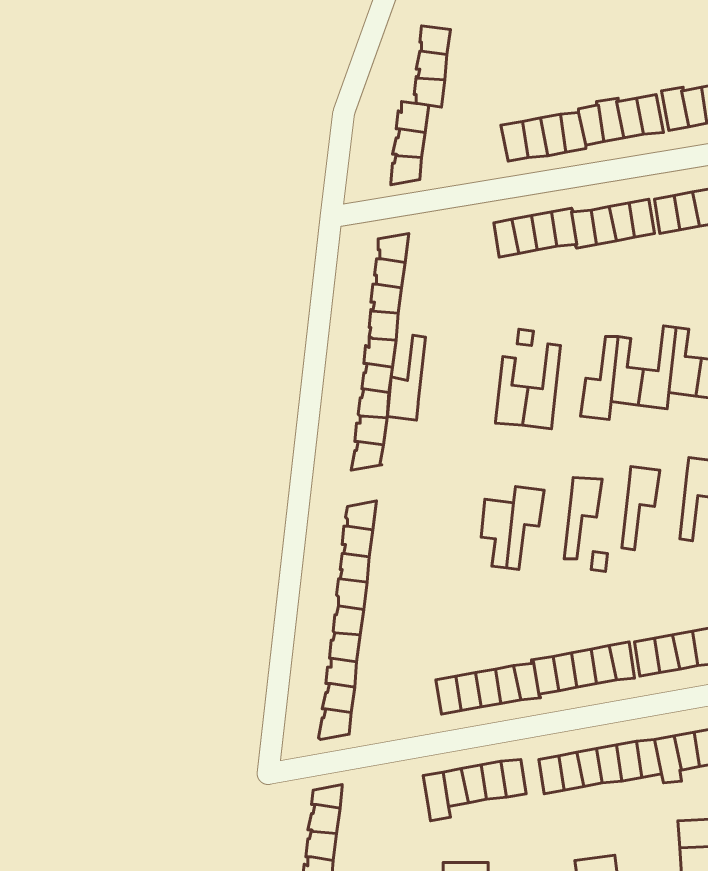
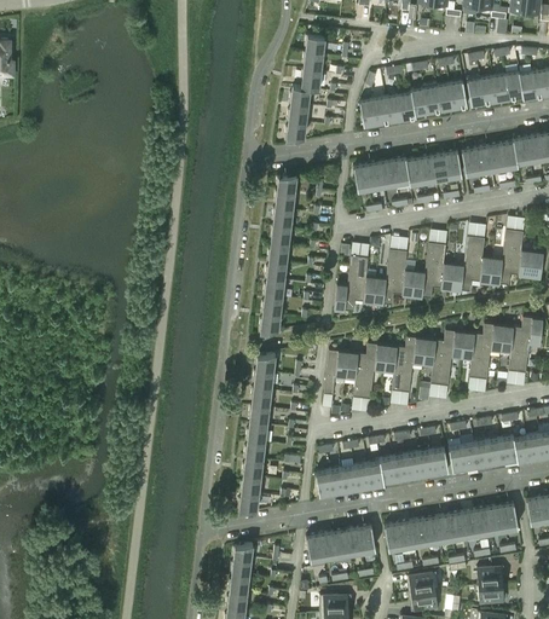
building: [388,335,426,420] -> [335,255,360,312]
building: none -> [394,249,416,296]
building: none -> [462,332,484,378]
building: none -> [423,339,445,384]
building: none -> [385,346,406,392]
building: none -> [324,349,348,394]
building: none -> [406,572,439,594]

